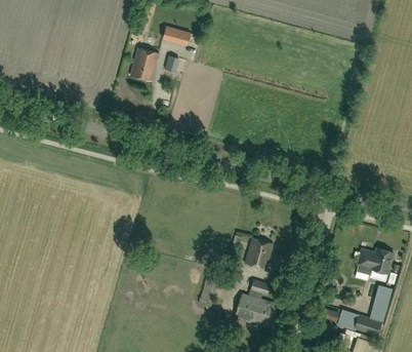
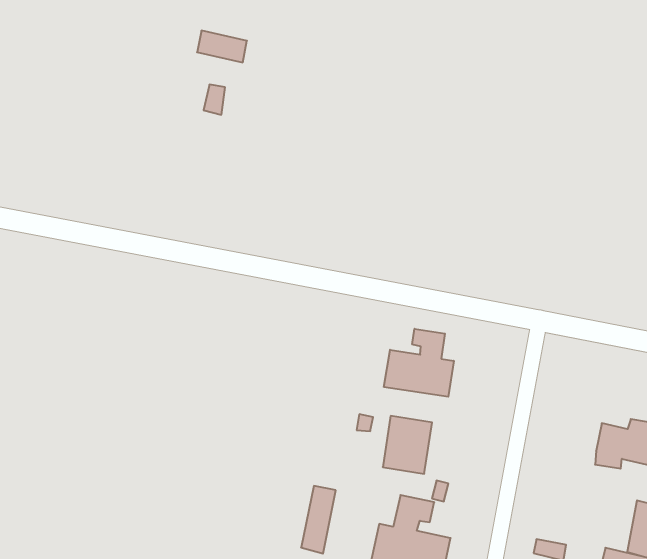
building: [130,47,159,81] -> none
building: none -> [384,329,454,397]

